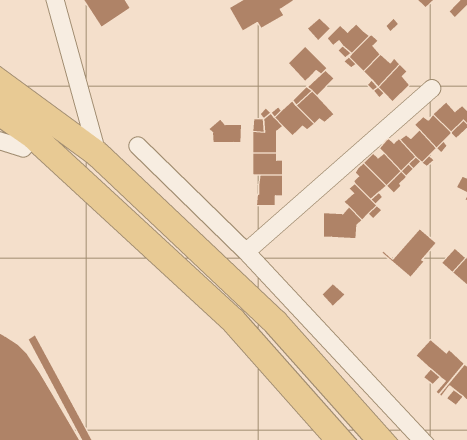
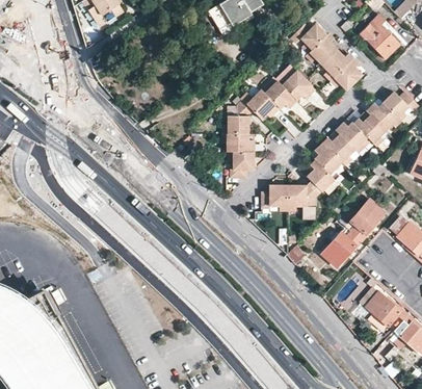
building: none -> [362,14,401,59]
building: [288,46,327,82] -> [283,71,316,101]
building: [209,119,242,143] -> none
building: none -> [261,185,288,208]
building: none -> [322,219,363,266]

